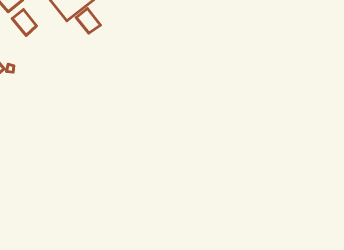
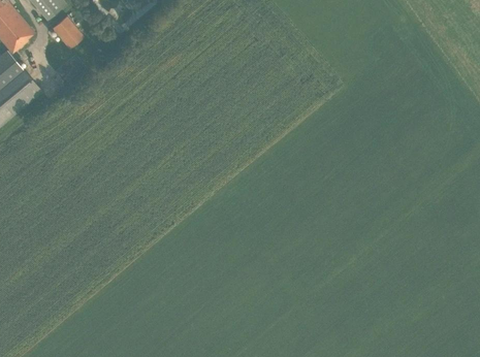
building: [76,8,101,33] -> none

